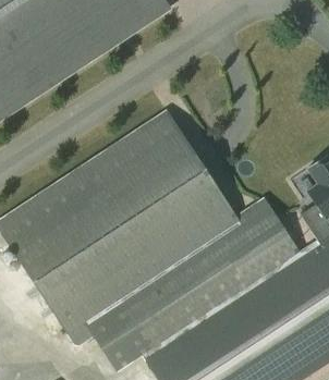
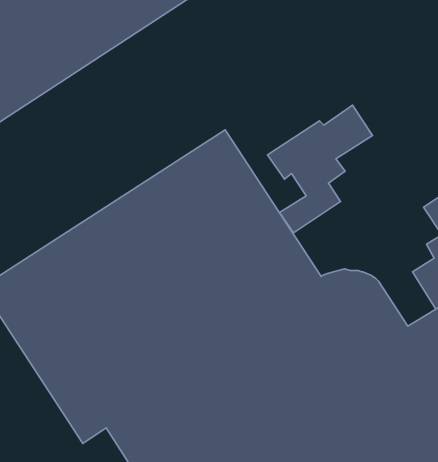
building: none -> [268,105,372,233]

